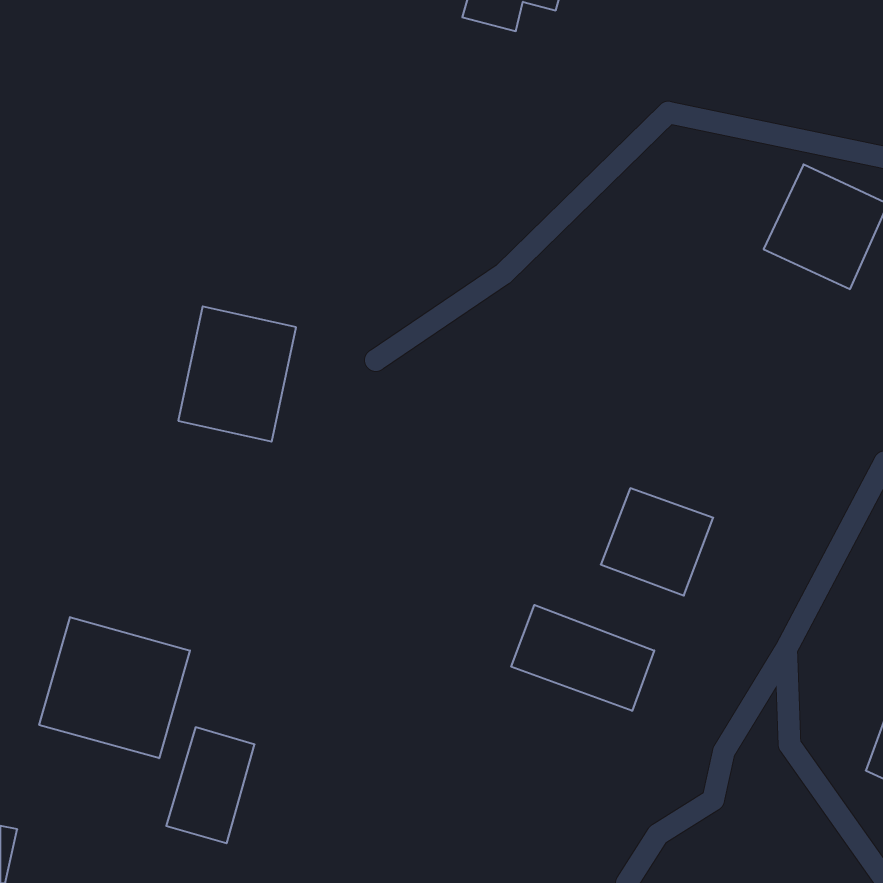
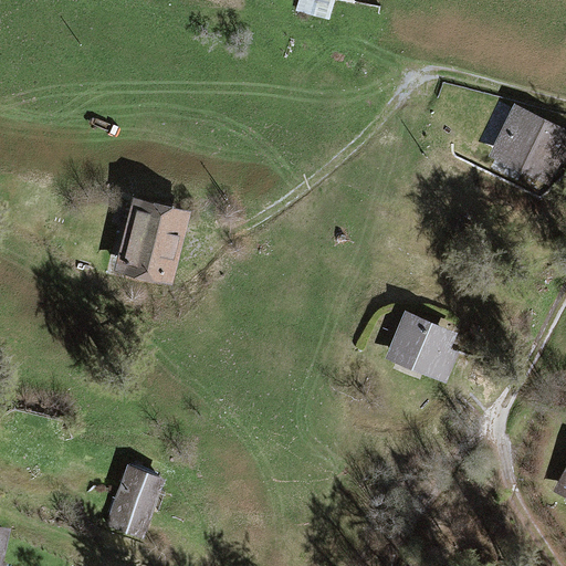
building: [511,605,654,711] -> none
building: [39,617,190,758] -> none

